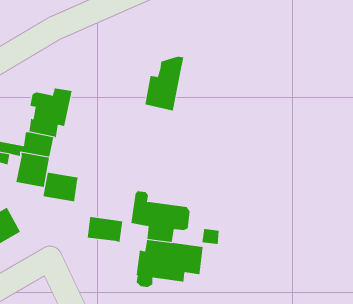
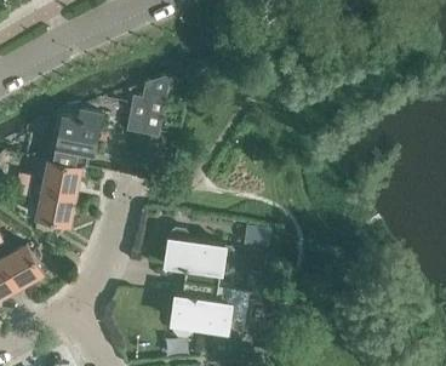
building: [144,56,184,111] -> [124,78,168,139]
building: [43,172,79,202] -> none
building: [87,216,123,243] -> none

